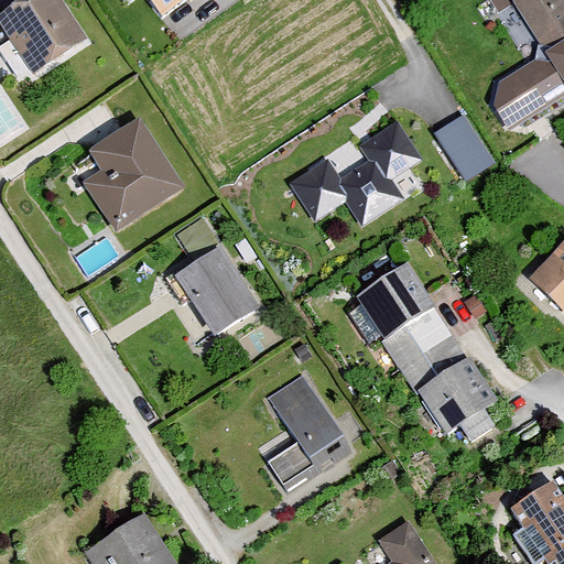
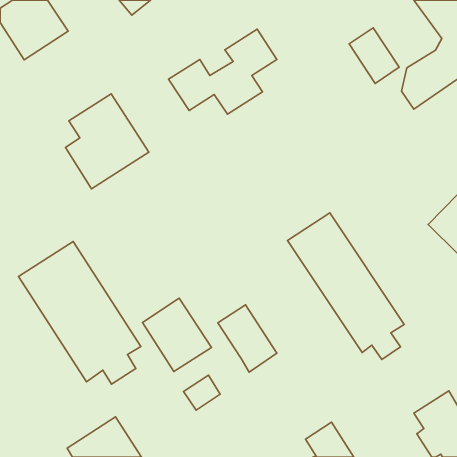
building: [434,113,496,182] -> [349,28,399,83]
building: [289,121,422,226] -> [168,29,277,114]
building: [173,246,258,336] -> [142,298,211,372]
building: none -> [19,241,141,384]
building: [267,442,312,485] -> [184,375,220,410]

